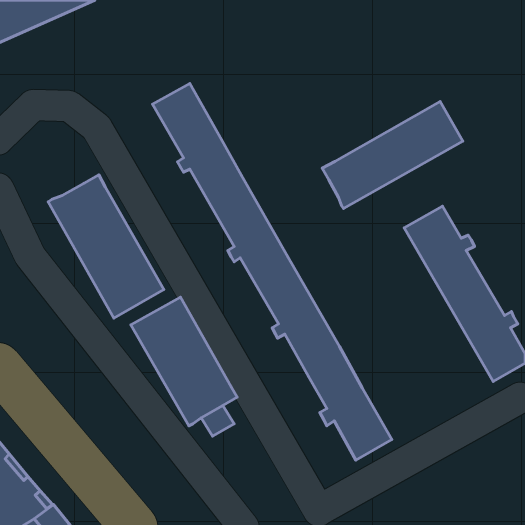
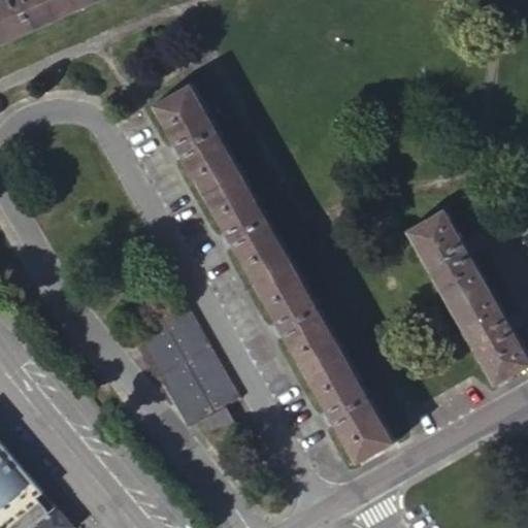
building: [322,101,463,209] -> none
building: [48,175,164,318] -> none

